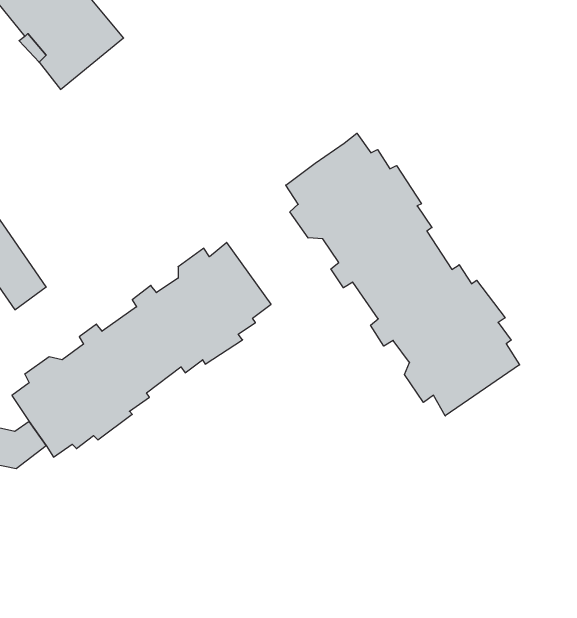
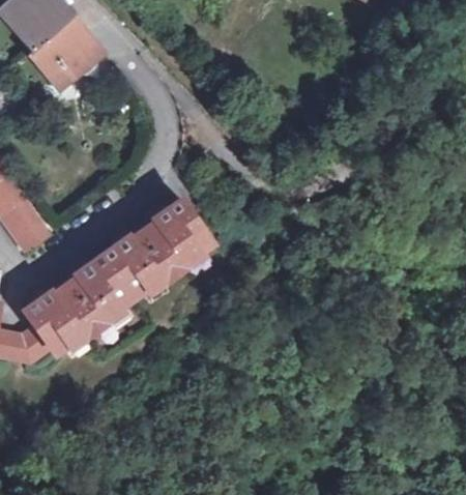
building: [286,133,520,416] -> none

